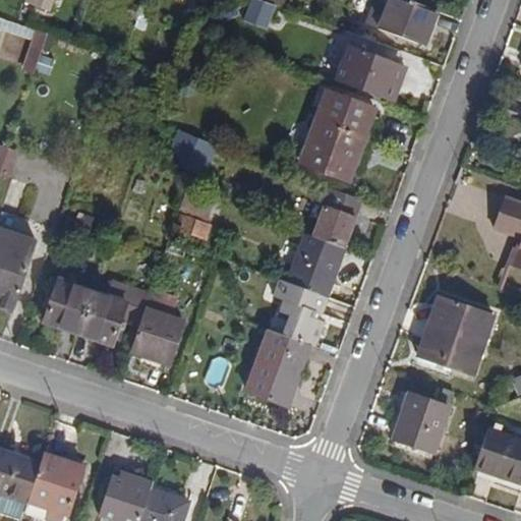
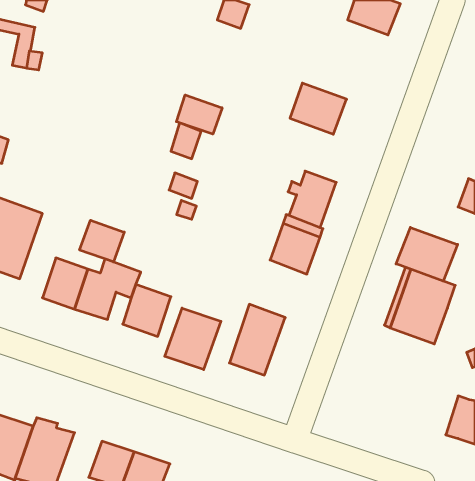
building: [337,44,401,99] -> none
building: none -> [176,95,222,134]
building: [302,129,359,176] -> none
building: none -> [80,220,124,262]
building: none -> [396,227,458,281]
building: [277,279,331,346] -> none
building: none -> [165,308,221,370]
building: [396,395,451,454] -> none

